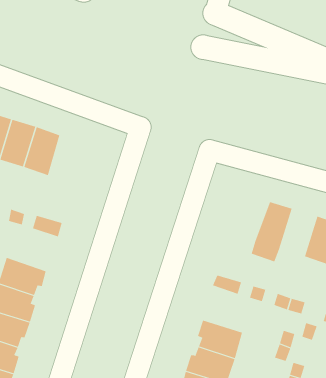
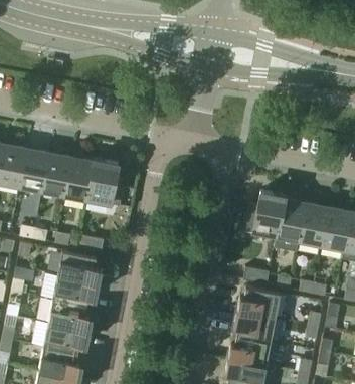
building: none -> [86,159,123,205]
building: none -> [244,191,286,235]
building: none -> [299,203,328,244]
building: none -> [57,250,98,283]
building: none -> [237,286,280,318]

